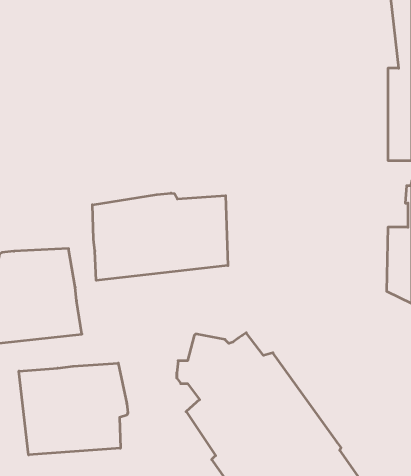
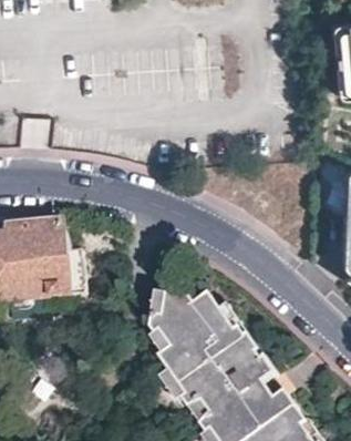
building: [92,193,228,280] -> none
building: [19,363,128,455] -> none

